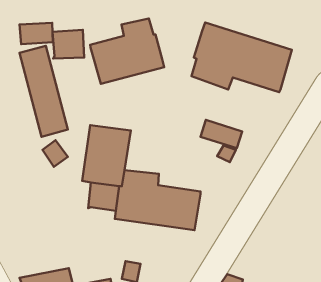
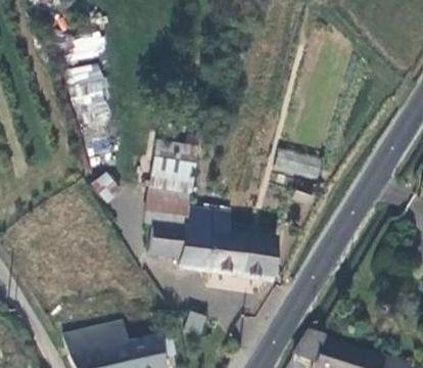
building: [90,19,164,84] -> none
building: [191,22,292,92] -> none
building: [52,30,84,59] -> none

